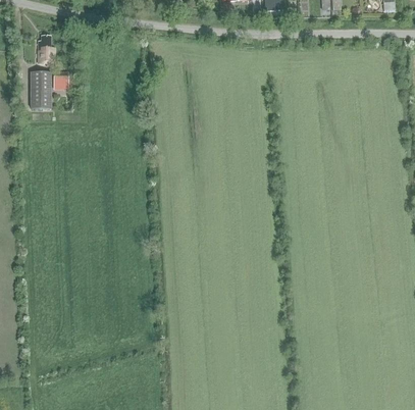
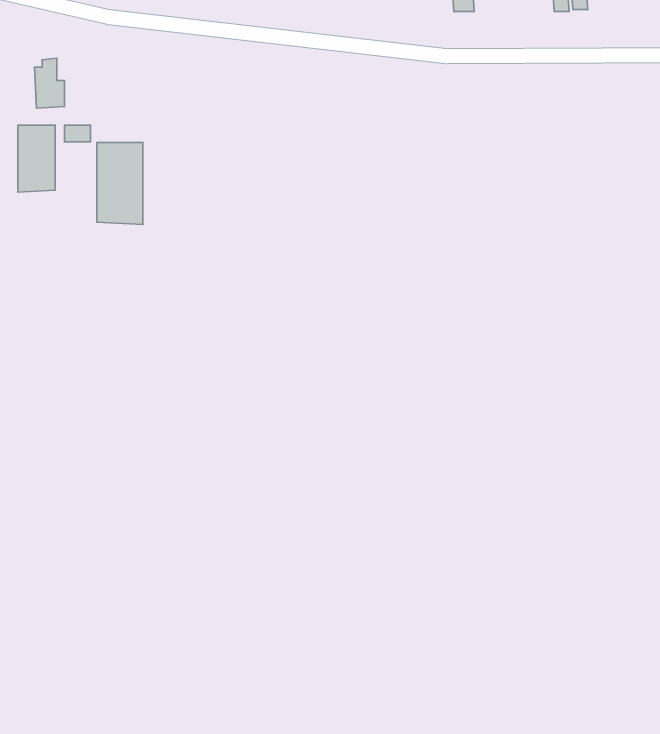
building: none -> [97,143,143,224]

